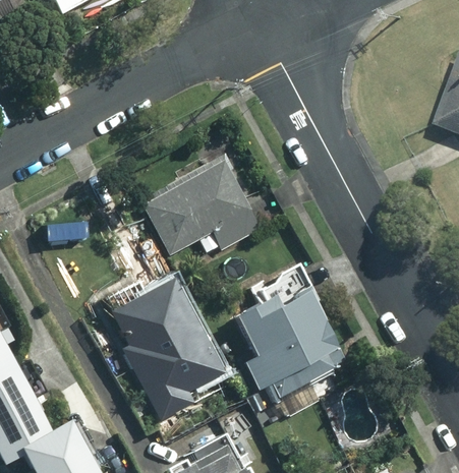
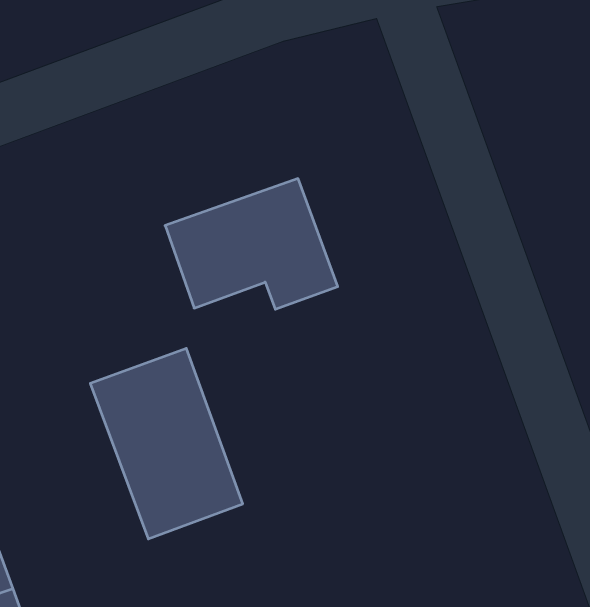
building: [231,289,346,400] -> none

